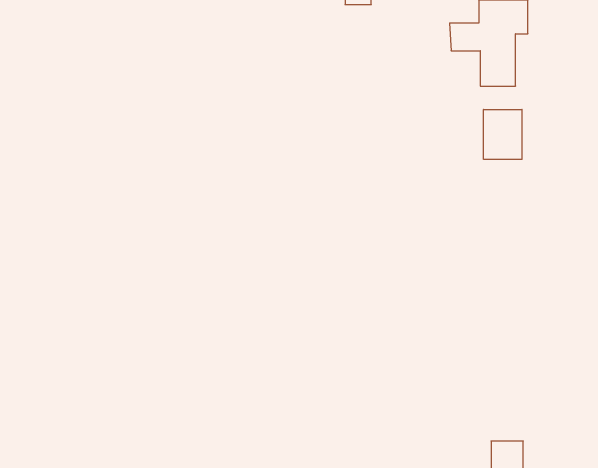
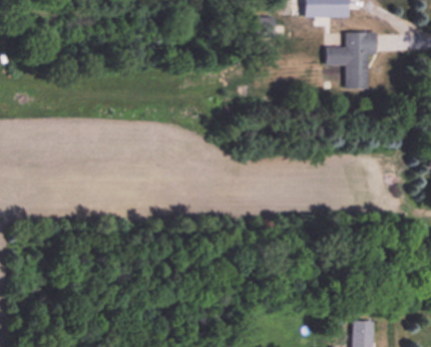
building: [484,109,522,159] -> none

